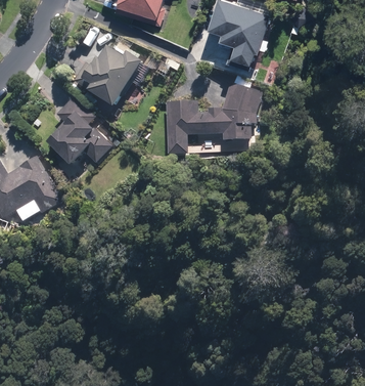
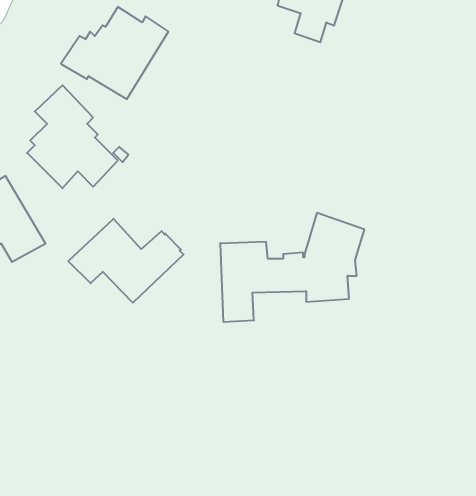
building: [166,81,262,154] -> [220,213,364,322]
building: none -> [68,219,184,303]

